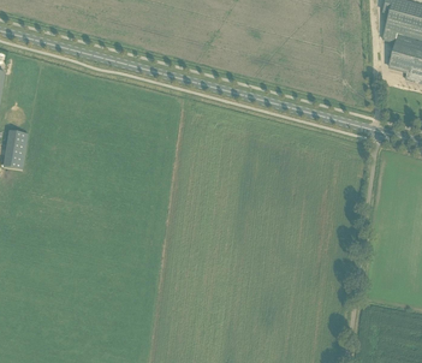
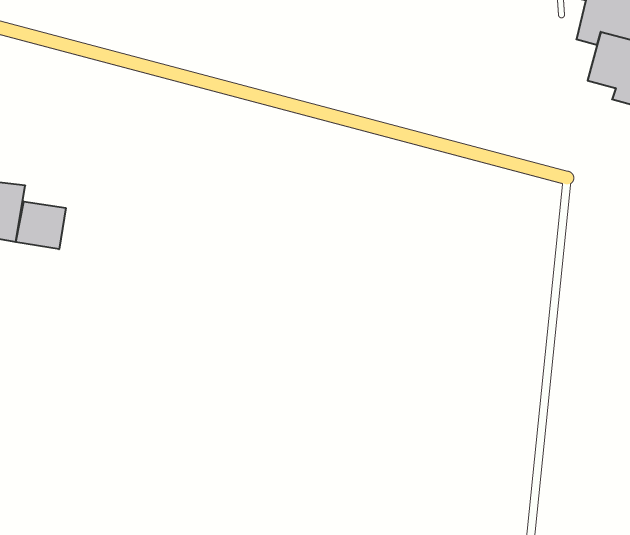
building: none -> [16,201,66,249]

